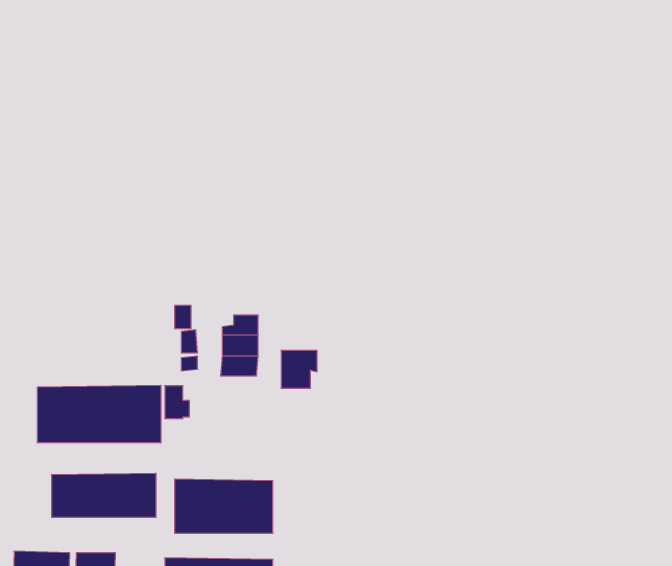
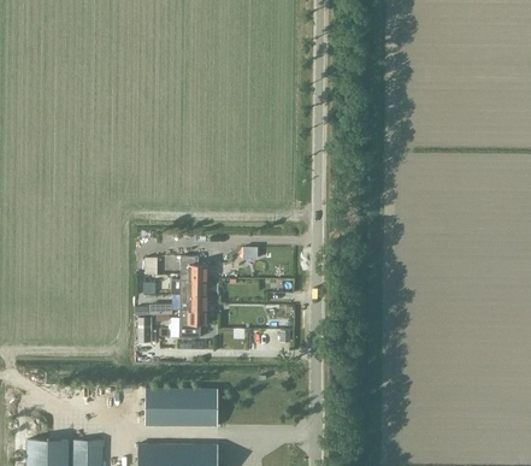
building: [281,350,317,388] -> [179,311,206,338]
building: [38,385,161,443] -> none
building: [52,473,156,517] -> none

